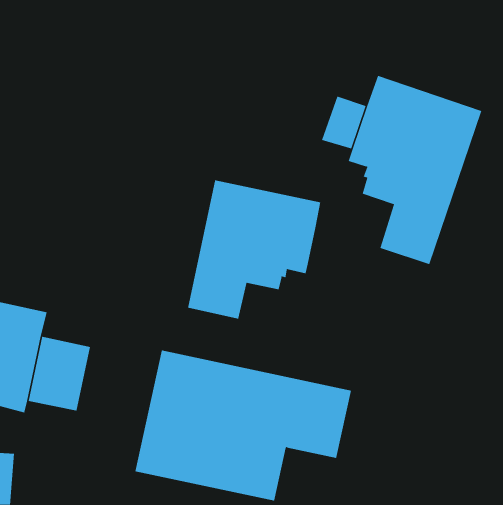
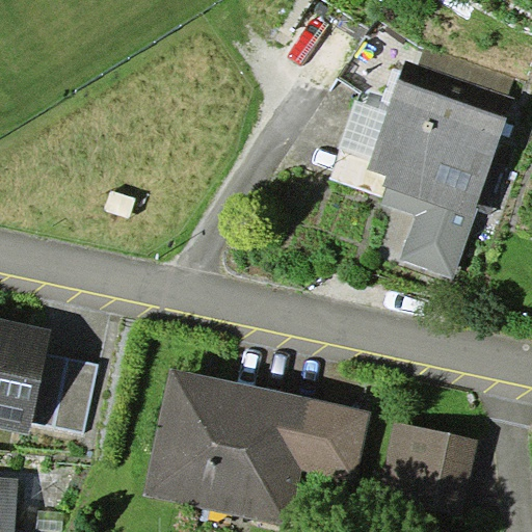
building: [188,179,321,319] -> none
building: none -> [378,421,479,515]

